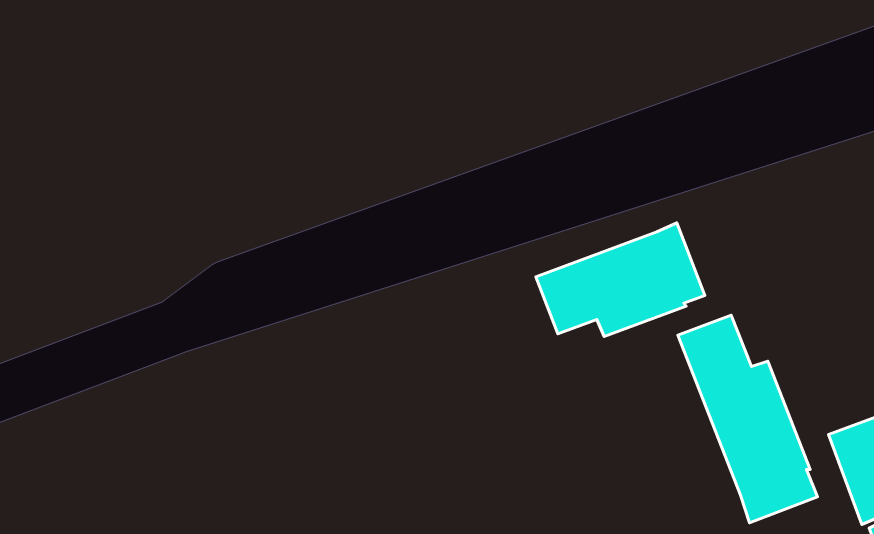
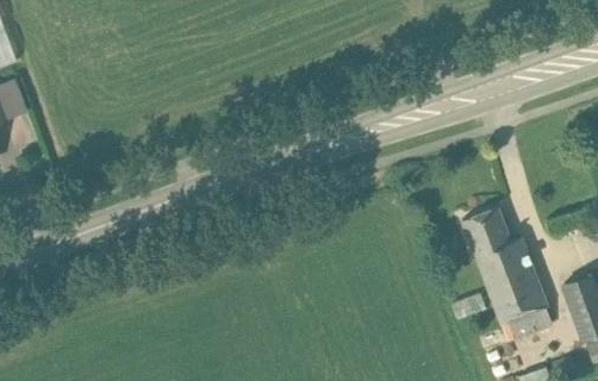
building: [536,223,705,337] -> none

